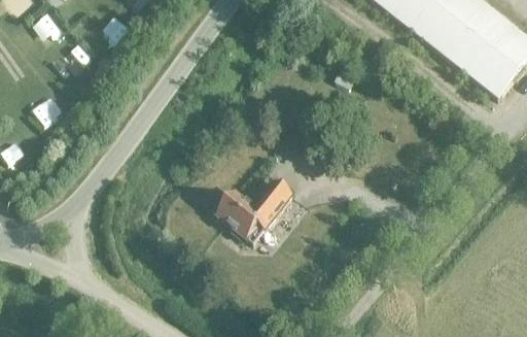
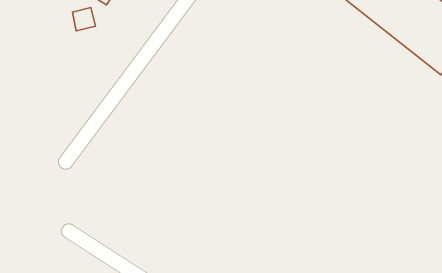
building: [218,181,294,243] -> none

